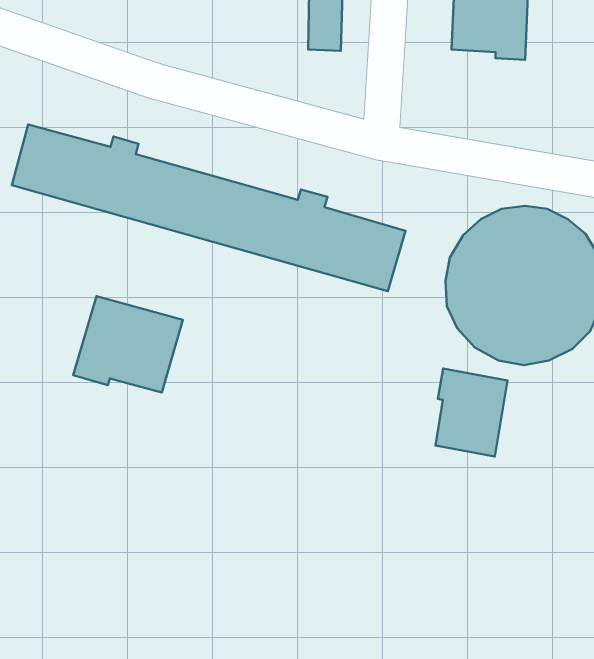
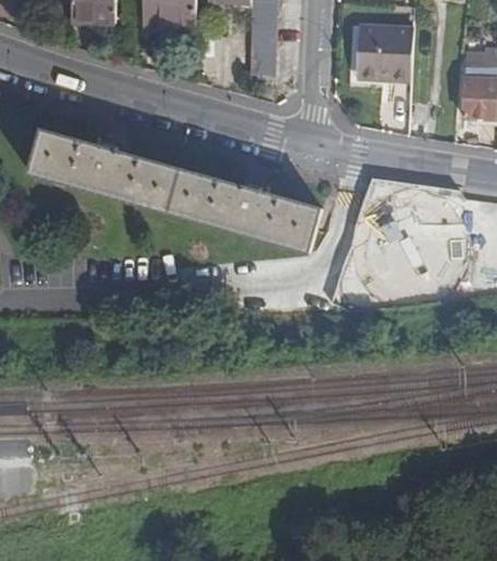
building: [73,296,183,392] -> none
building: [436,368,508,456] -> none

